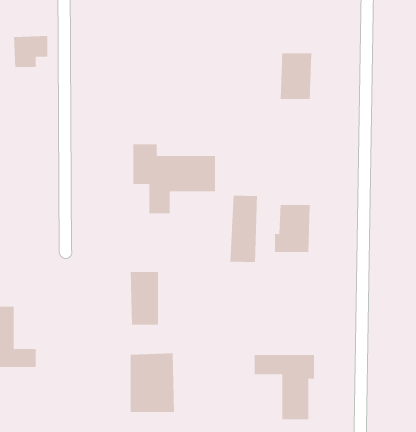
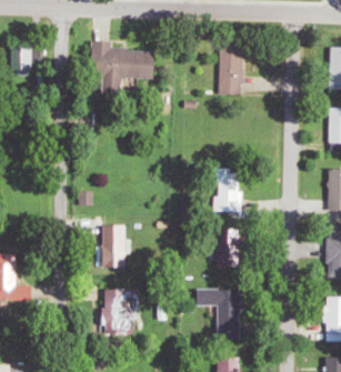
building: [133,144,216,214] -> [92,42,156,95]
building: [230,195,258,263] -> none
building: none -> [213,233,242,270]

